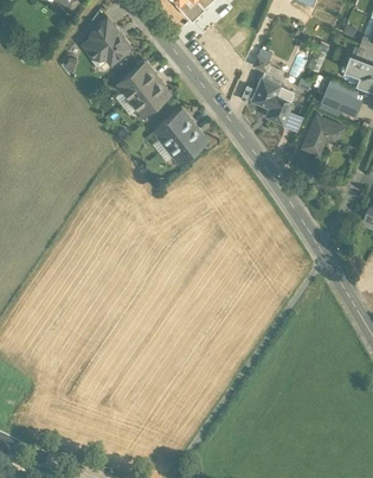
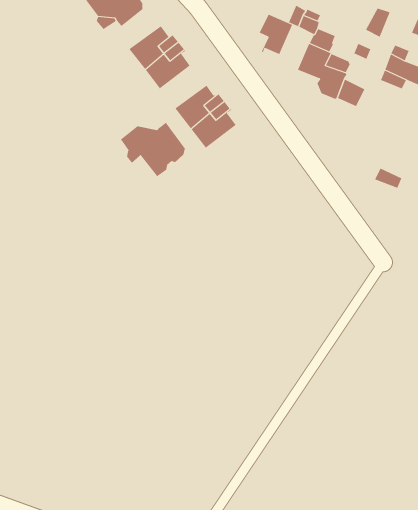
building: none -> [259,14,293,55]
building: [302,115,343,155] -> none
building: none -> [120,122,185,178]

